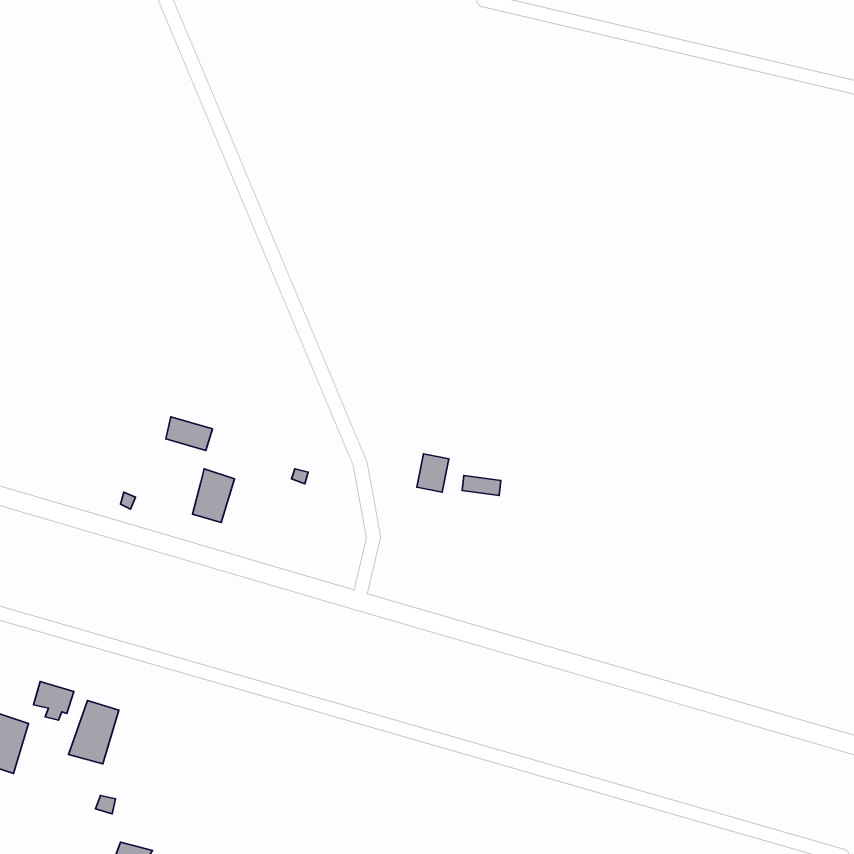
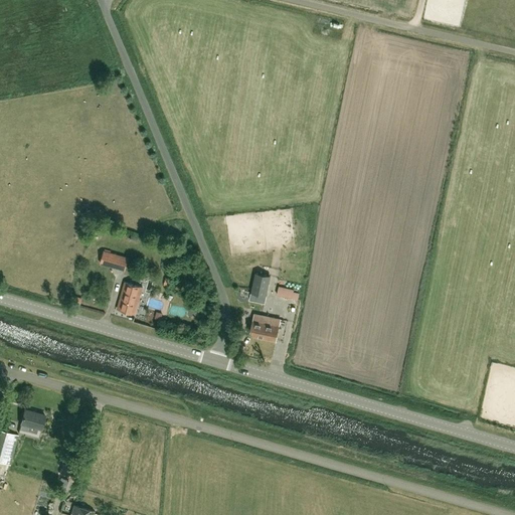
building: none -> [248,315,280,342]
building: [69,700,119,764] -> none

